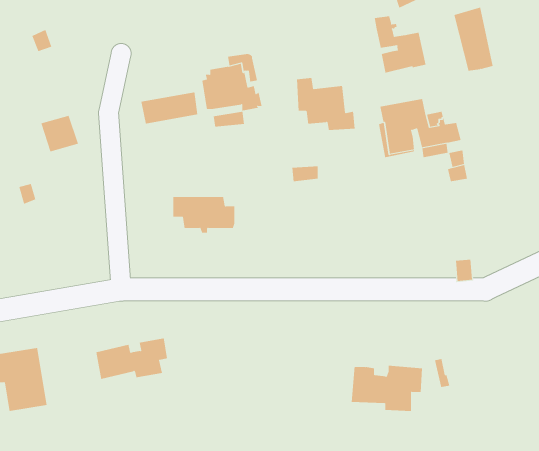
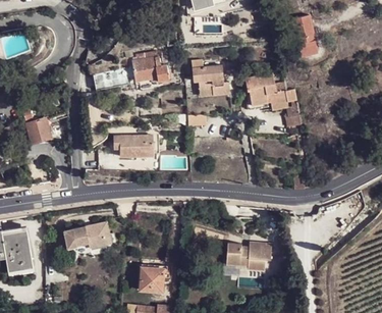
building: [374,15,426,73] -> none
building: [40,115,79,152] -> [24,118,49,142]
building: none -> [140,268,162,292]

